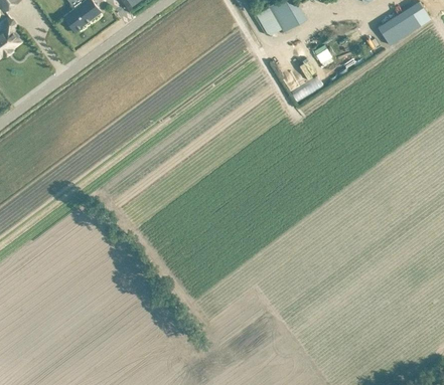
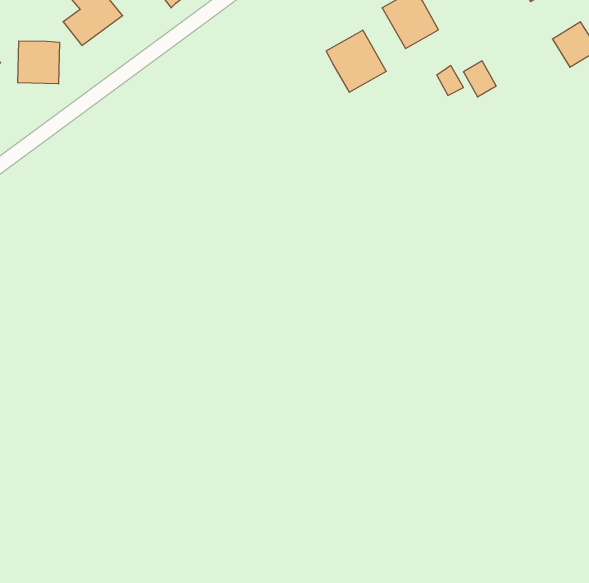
building: none -> [326,30,386,92]
building: none -> [18,41,59,84]

